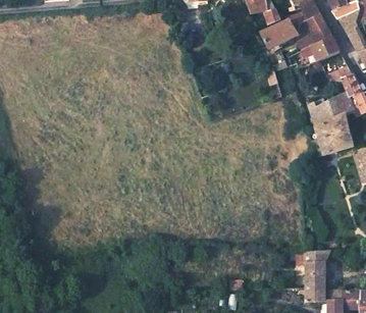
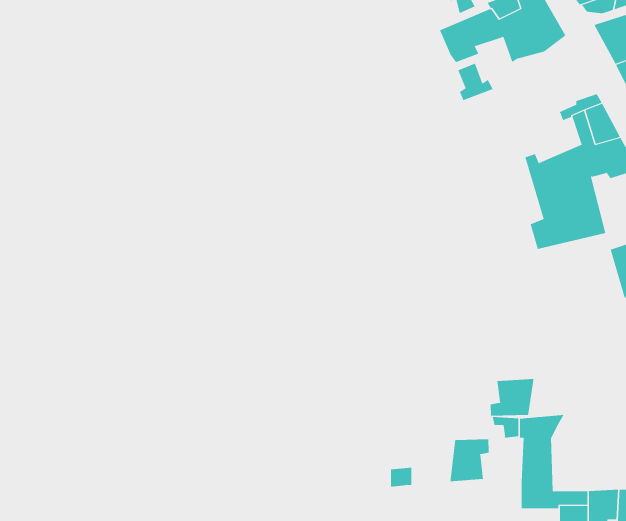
building: [303,36,338,61] -> none
building: none -> [490,378,534,417]
building: none -> [450,438,489,482]

